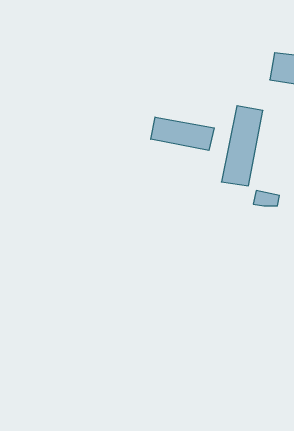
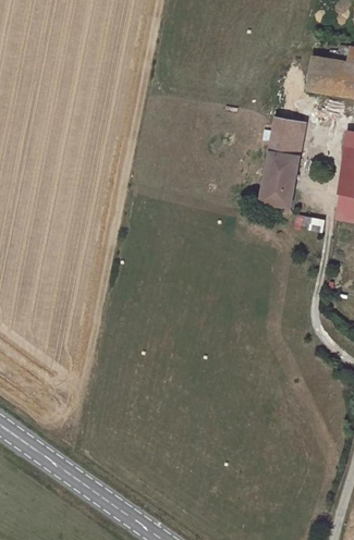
building: [151,117,214,150] -> none

